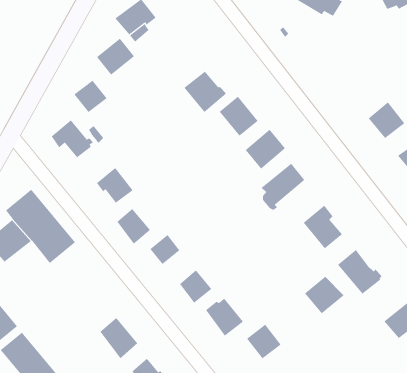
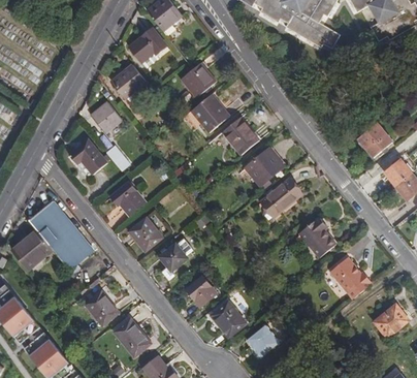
building: none -> [181,63,217,98]
building: [304,276,345,314] -> none
building: none -> [85,292,118,326]

